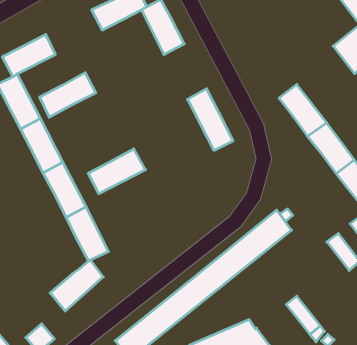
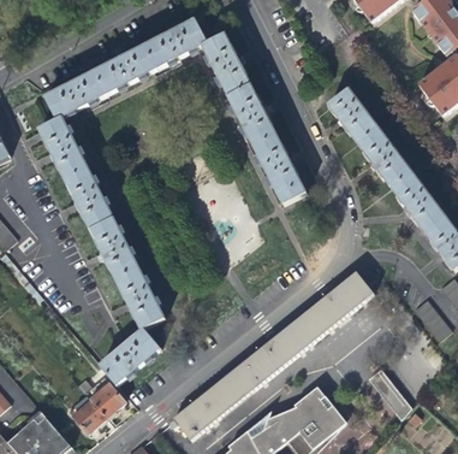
building: none -> [228,83,276,146]
building: none -> [328,89,379,145]
building: [40,73,96,117] -> [95,45,159,95]
building: [88,149,146,194] -> none
building: none -> [89,382,124,417]

